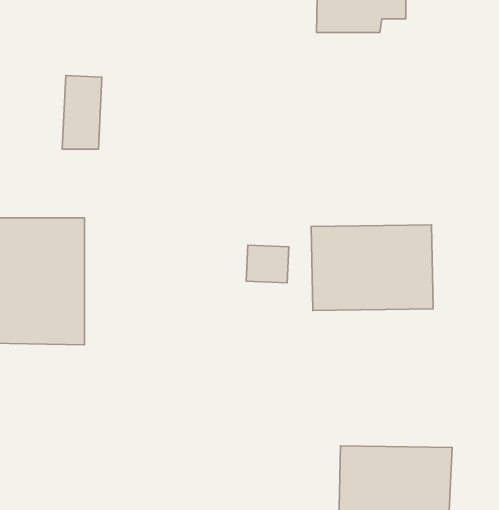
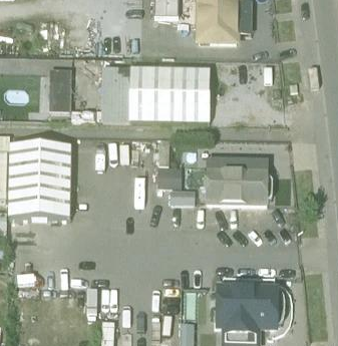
building: none -> [122,76,203,123]

